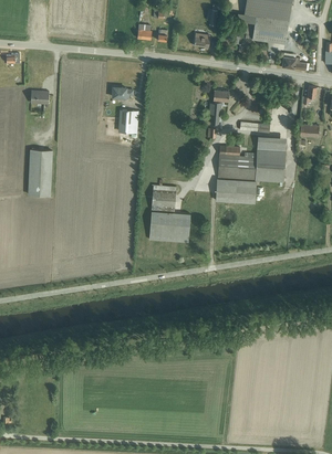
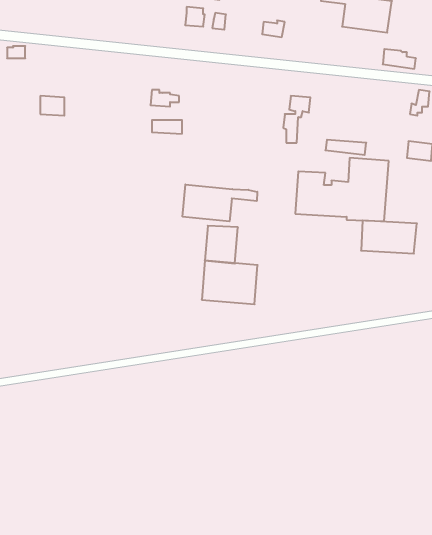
building: [28,148,53,196] -> none
building: none -> [183,184,257,221]
building: [216,178,257,202] -> [361,220,417,254]

